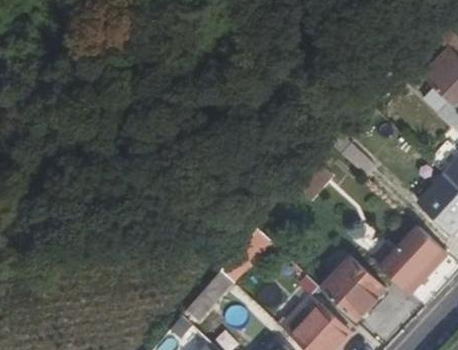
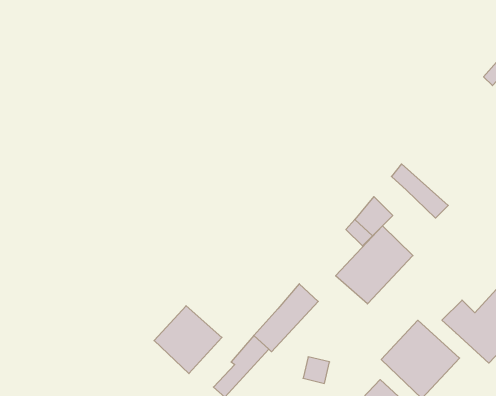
building: none -> [336,226,413,304]
building: none -> [154,306,222,374]

